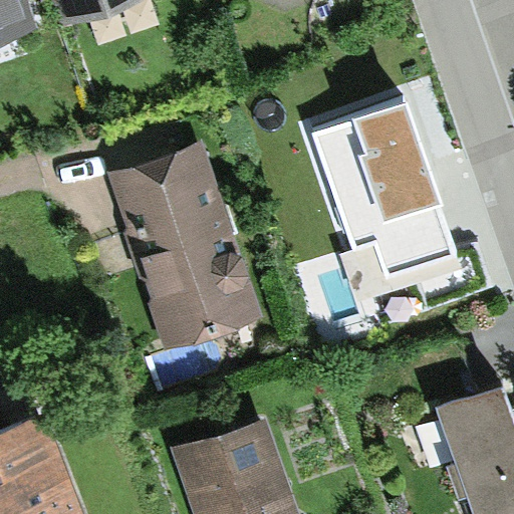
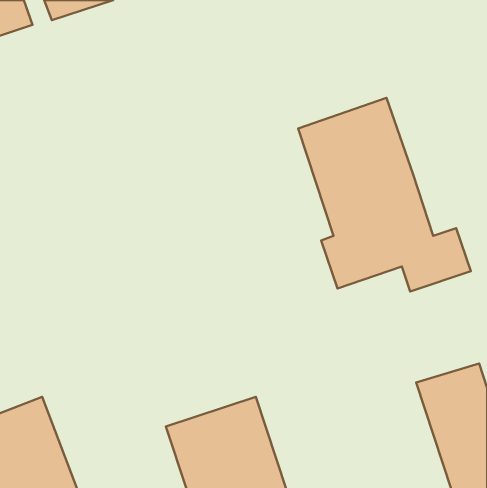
building: [103,142,261,347] -> none

